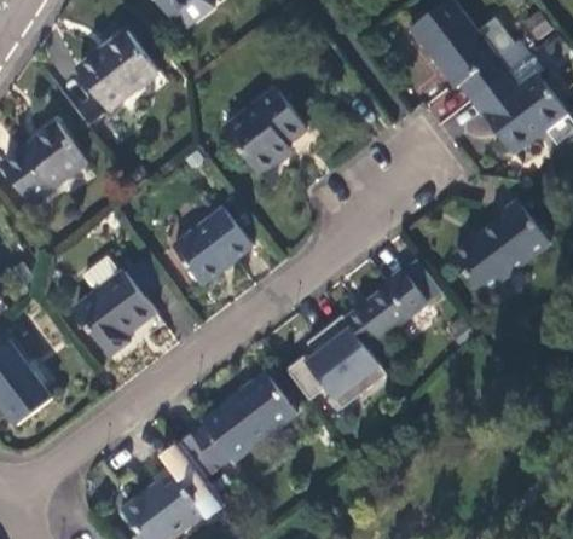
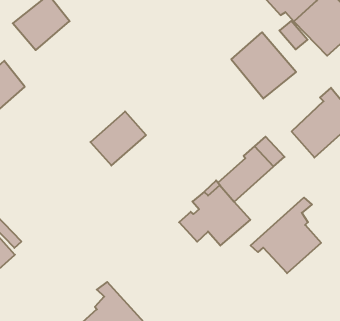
building: [224,89,305,174] -> none
building: none -> [231,32,296,99]
building: [73,256,152,357] -> none
building: none -> [251,198,321,273]
building: [193,378,296,468] -> none

